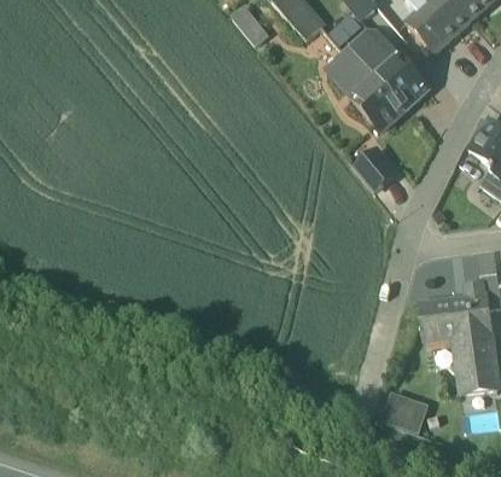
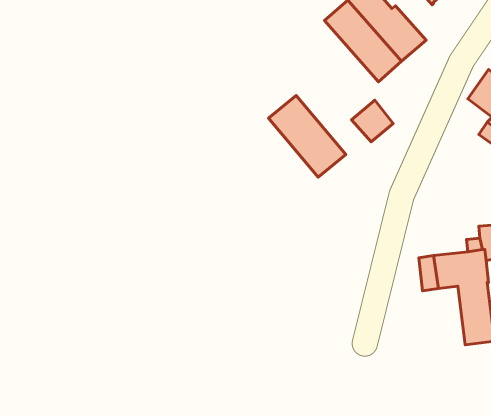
building: none -> [269,95,346,177]
building: [380,389,427,431] -> none

